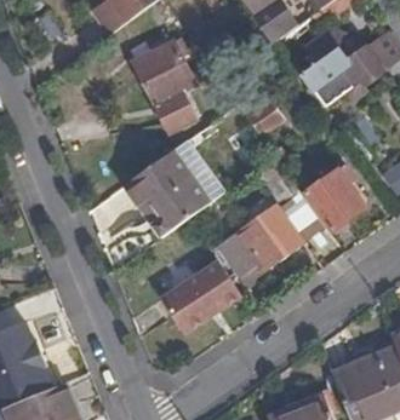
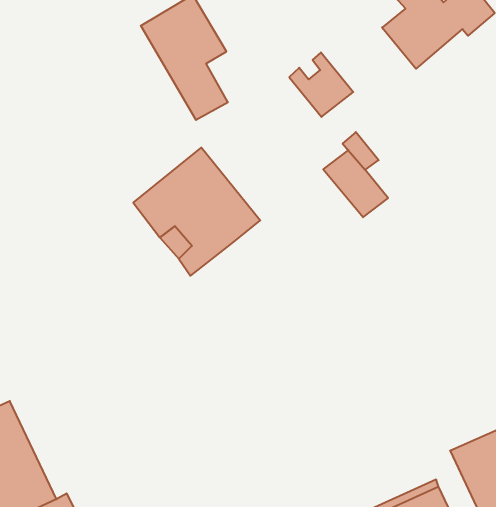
building: [302,167,364,232] -> none
building: [222,206,302,280] -> none
building: [161,261,240,332] -> none

